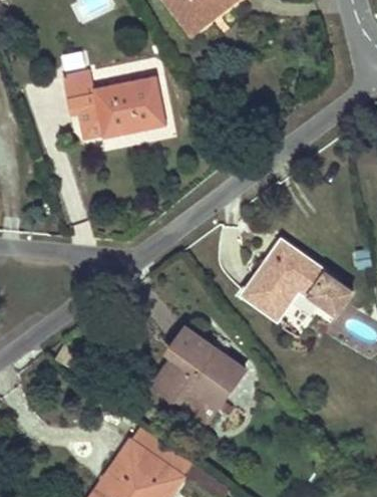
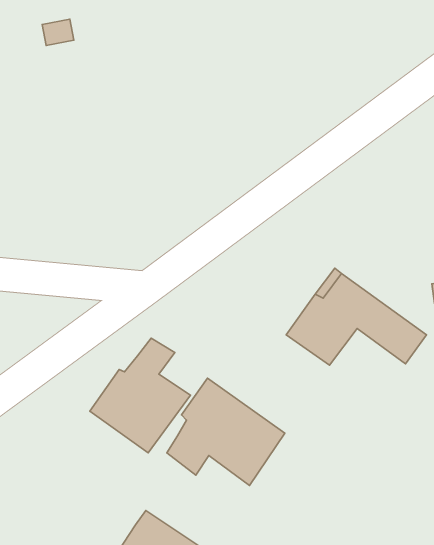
building: [63,71,166,139] -> none
building: none -> [90,338,191,453]

